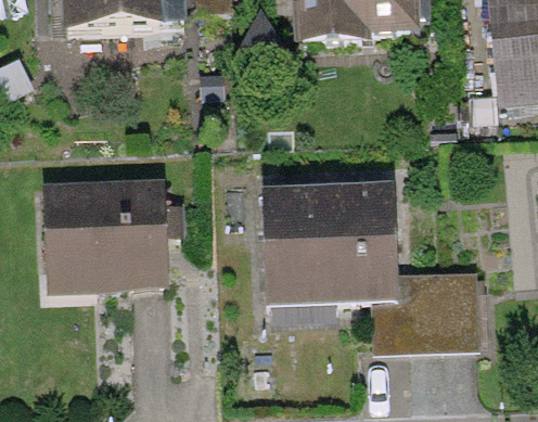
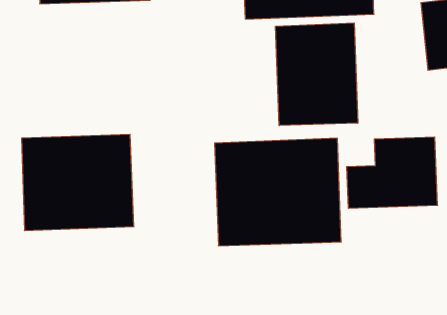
building: none -> [276,23,358,126]
building: [370,266,473,346] -> [346,137,438,208]

